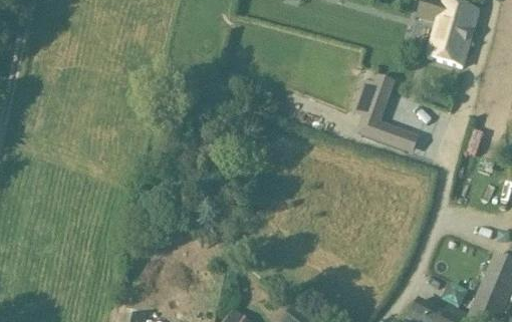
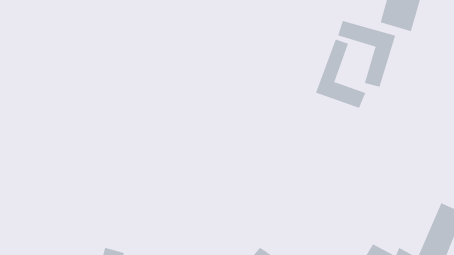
building: none -> [337,20,396,87]

